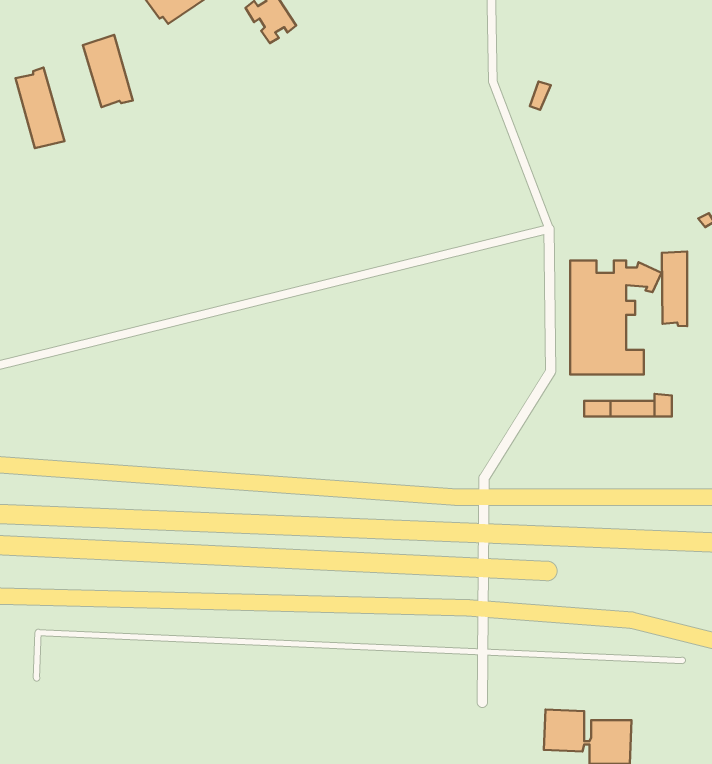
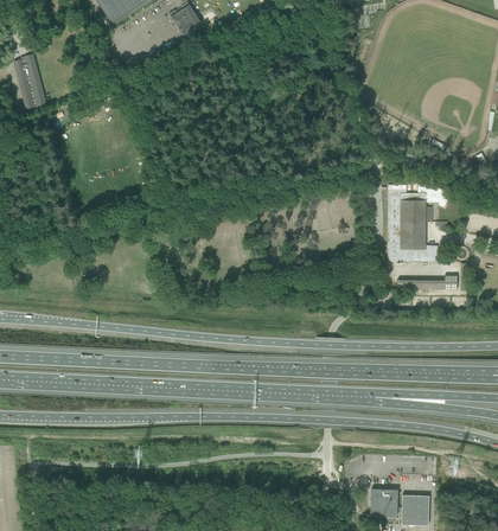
building: [83,35,133,107] -> none
building: [662,251,687,326] -> none

